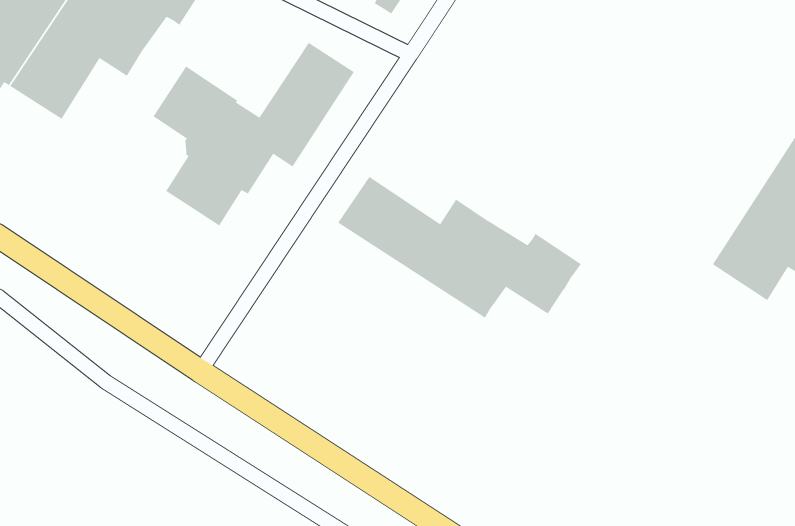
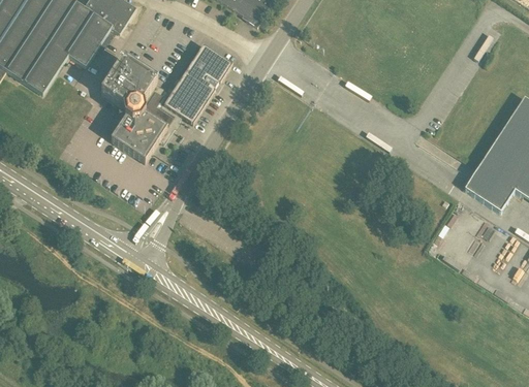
building: [337,176,582,319] -> none

